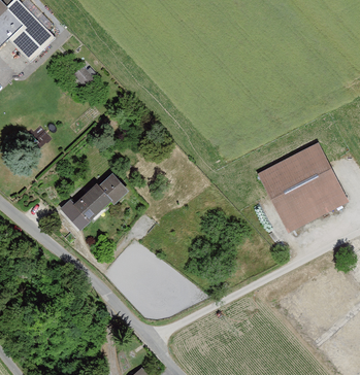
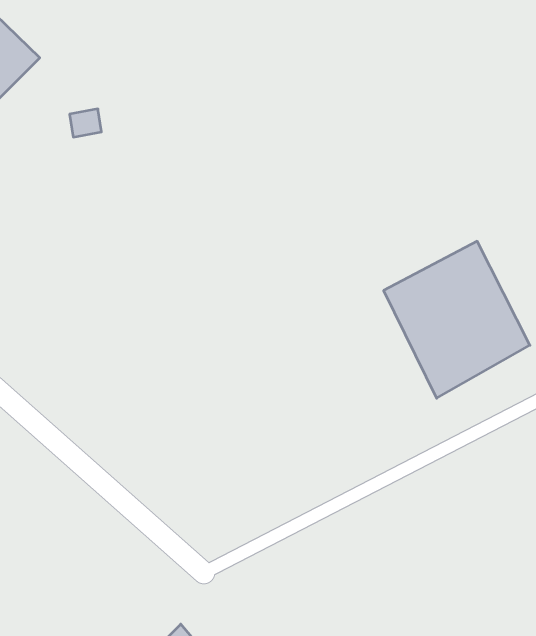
building: [61,172,131,230] -> none

